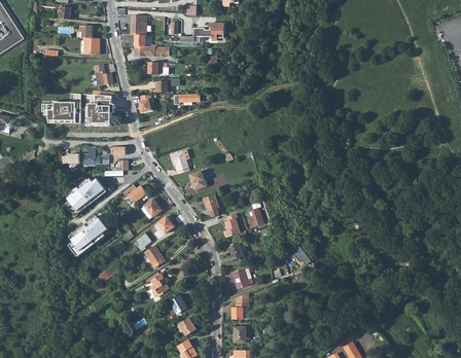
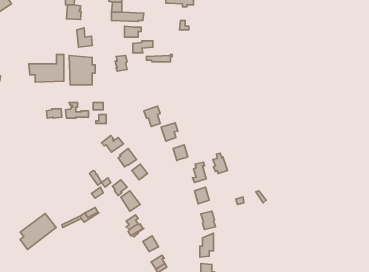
building: [68,178,107,214] -> none
building: [70,217,110,257] -> [20,214,56,249]

